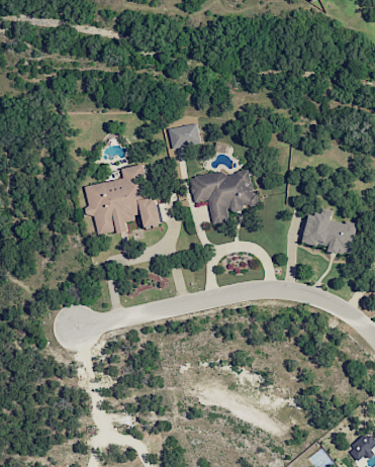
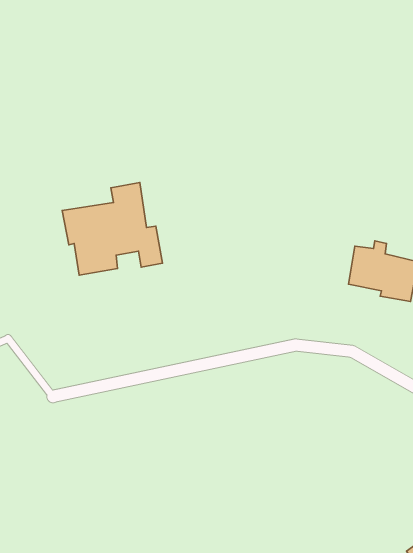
building: [168,123,200,149] -> none
building: [189,167,257,223] -> none

